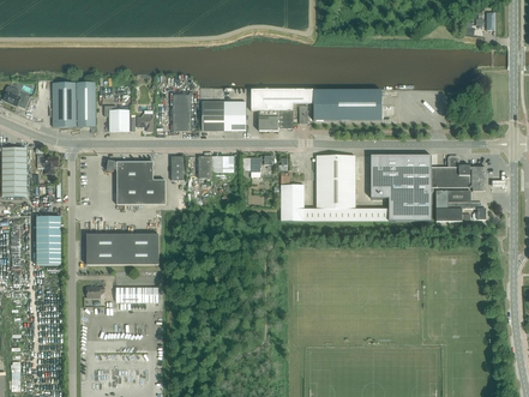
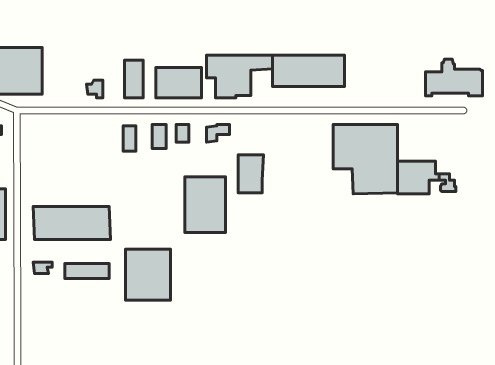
building: [103,104,128,131] -> none
building: [315,155,354,207] -> [185,177,225,232]
building: [431,155,485,190] -> [426,59,482,96]
building: [106,160,164,204] -> none
building: none -> [125,249,170,300]

